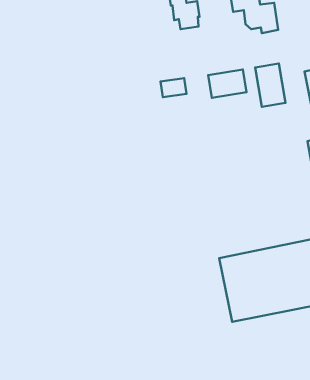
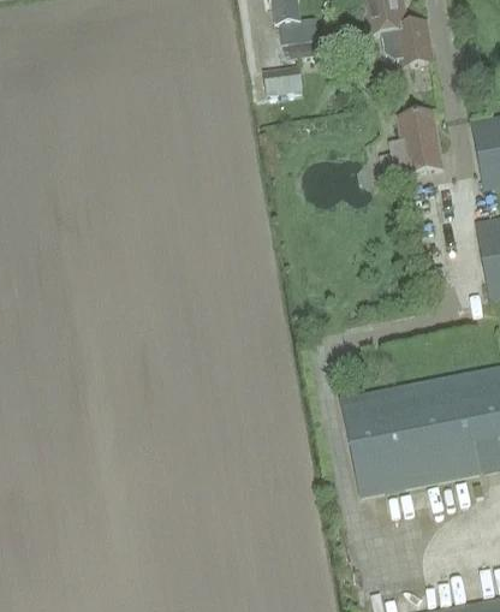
building: [208,70,246,98] -> none
building: [160,78,187,97] -> [262,69,300,96]

